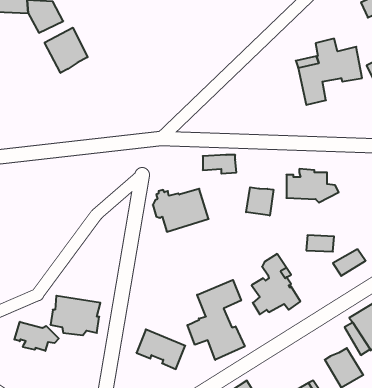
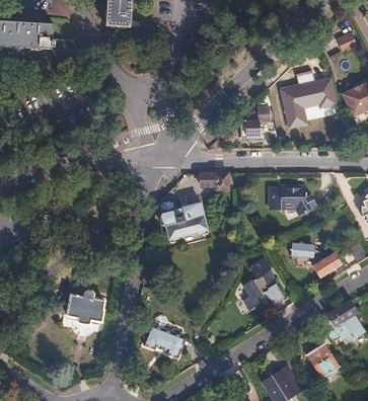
building: [45,28,88,73] -> none
building: none -> [241,108,270,138]
building: [246,187,273,216] -> none
building: [187,280,245,360] -> none
building: [14,322,59,351] -> none

